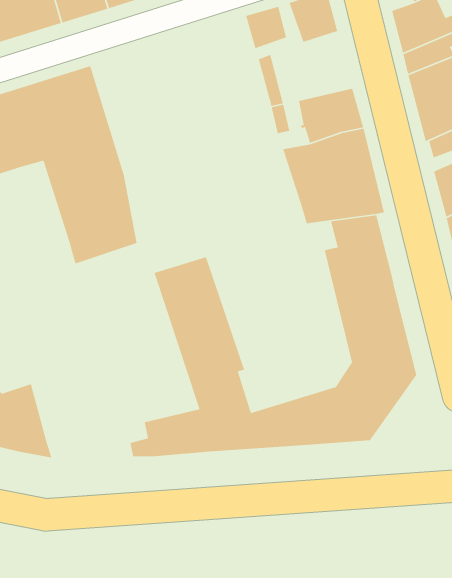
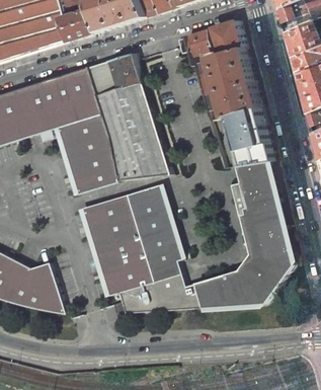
building: none -> [210,45,253,88]
building: none -> [88,52,170,178]
building: none -> [84,197,156,295]

